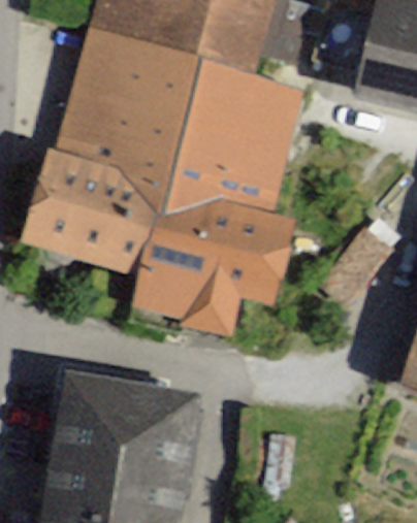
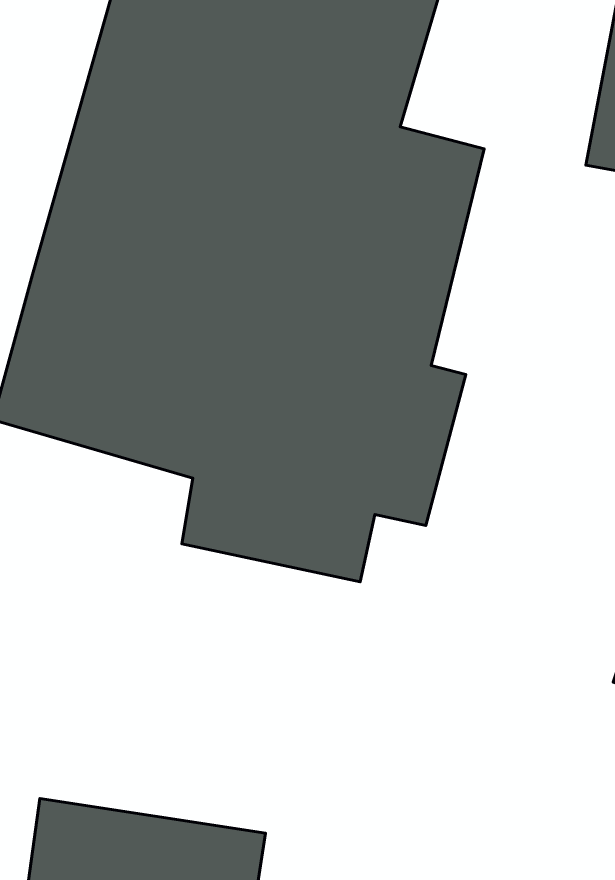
building: [56,372,192,476] -> none

